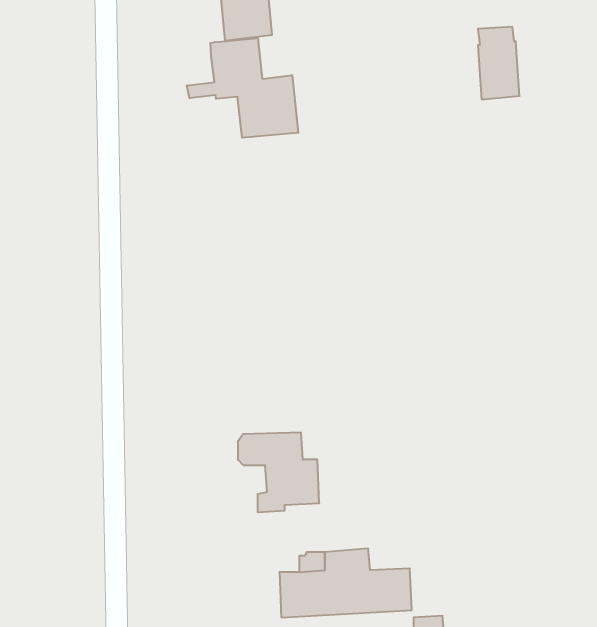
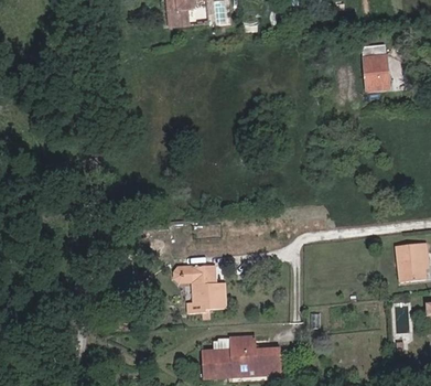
building: [478,27,520,99] -> [364,46,389,90]
building: [187,38,298,138] -> none

